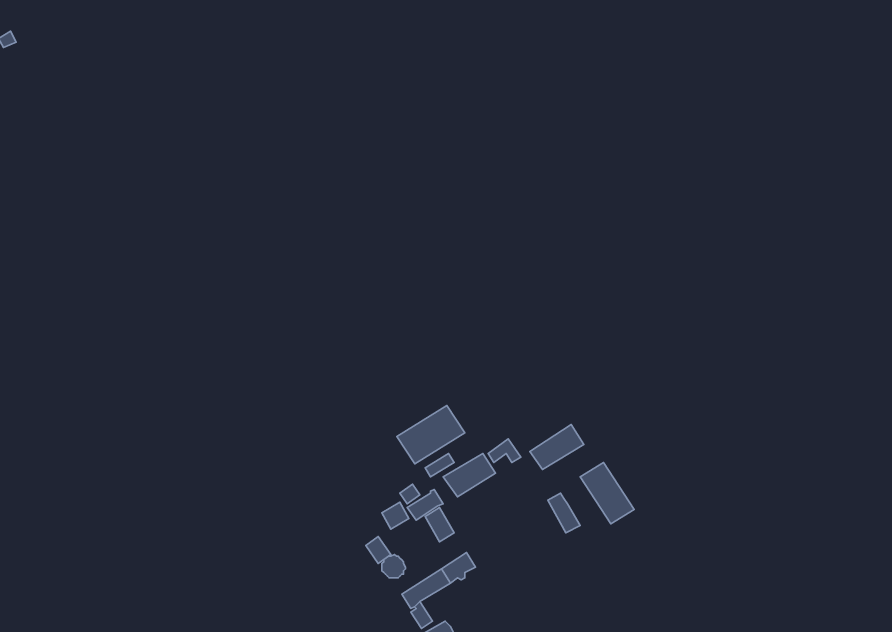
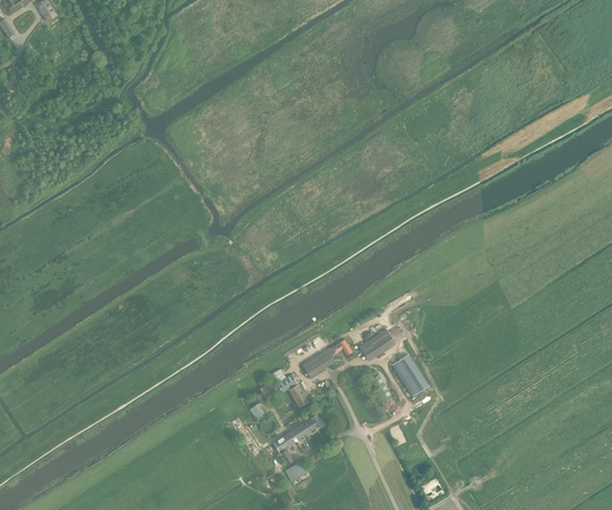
building: [397,406,465,464] -> none

